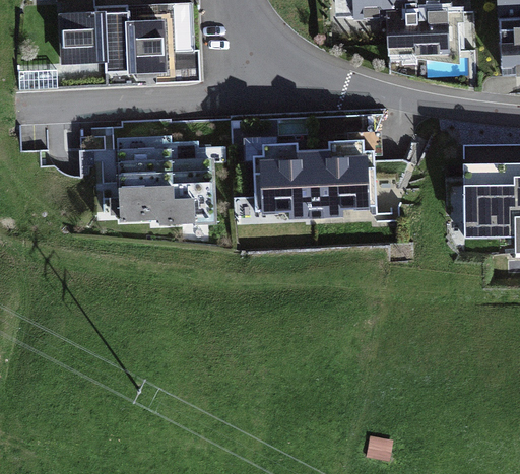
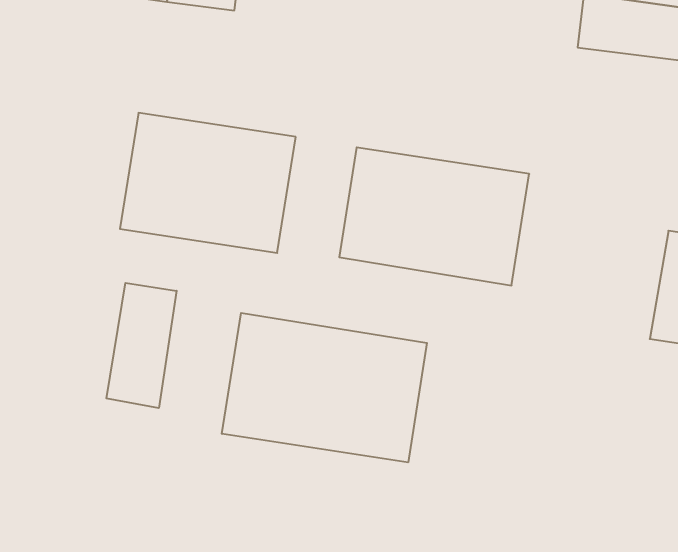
building: none -> [106,283,177,408]
building: none -> [222,313,427,462]

